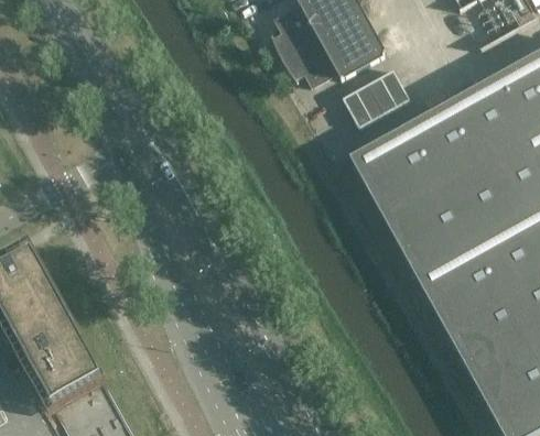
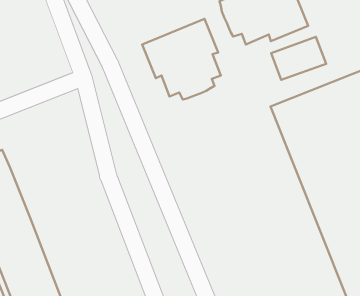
building: none -> [142,19,221,99]

